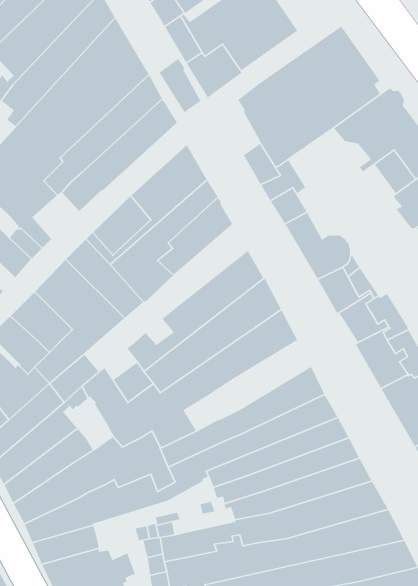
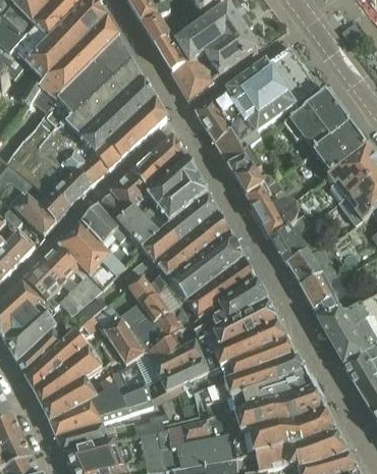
building: [158,58,202,113] -> [196,100,228,142]
building: none -> [57,170,92,205]
building: none -> [123,194,219,284]
building: none -> [190,281,267,341]

